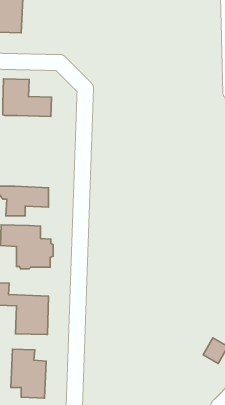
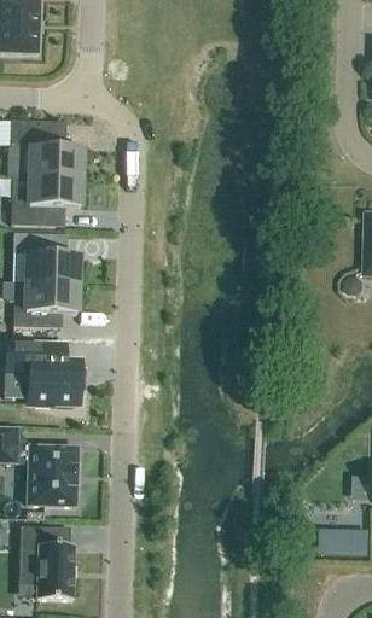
building: none -> [11,176,81,226]
building: none -> [13,233,79,285]

